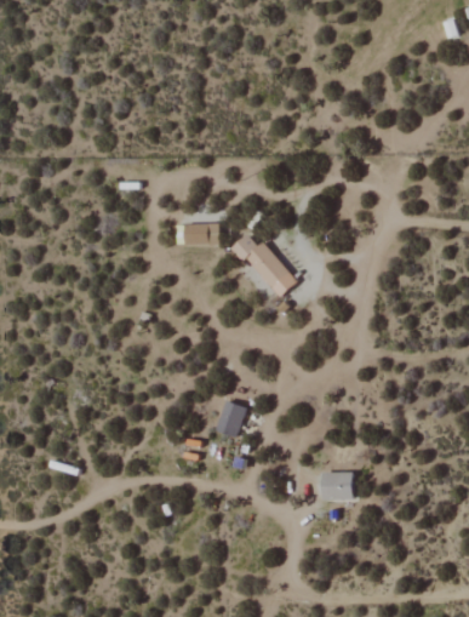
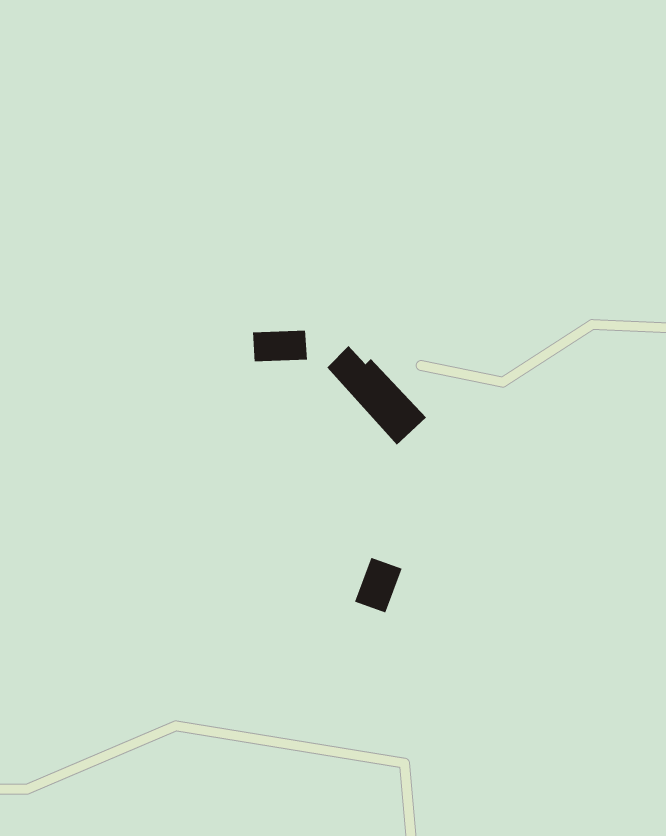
building: [215,400,246,436] -> [354,557,402,613]
building: [321,472,354,499] -> none

